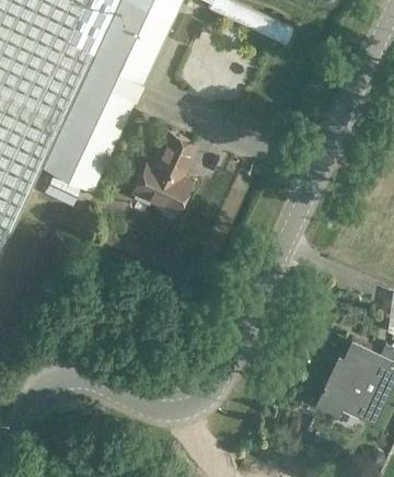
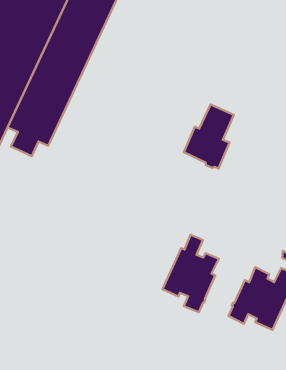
building: [132,130,196,211] -> [184,104,234,169]
building: none -> [162,235,219,312]

